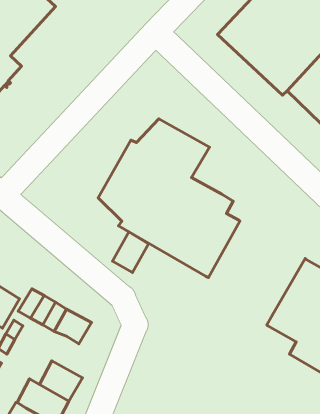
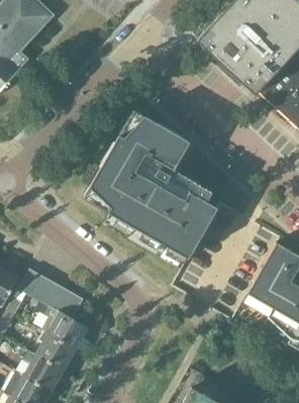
building: [112,232,148,272] -> none
building: none -> [47,311,88,348]

